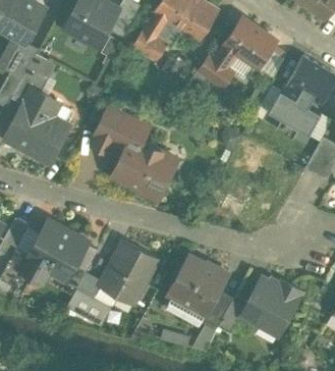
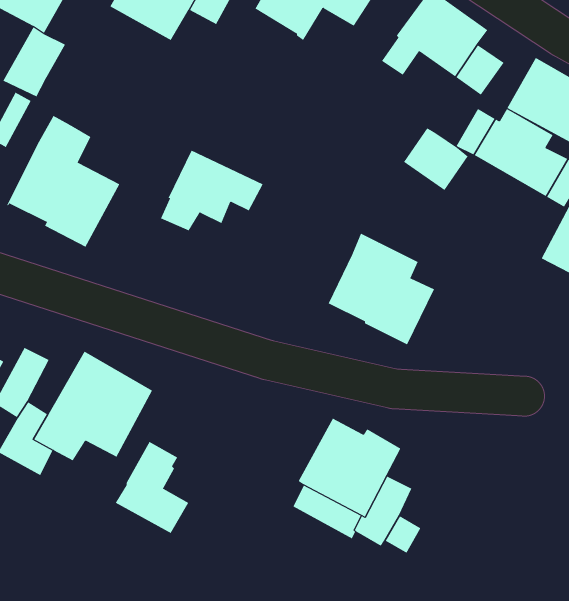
building: [132,28,168,59] -> none
building: [198,54,234,90] -> [403,127,468,191]
building: [11,67,49,104] -> none
building: [113,137,173,200] -> [328,233,435,345]
building: [99,241,159,305] -> none
building: [241,277,301,341] -> none

